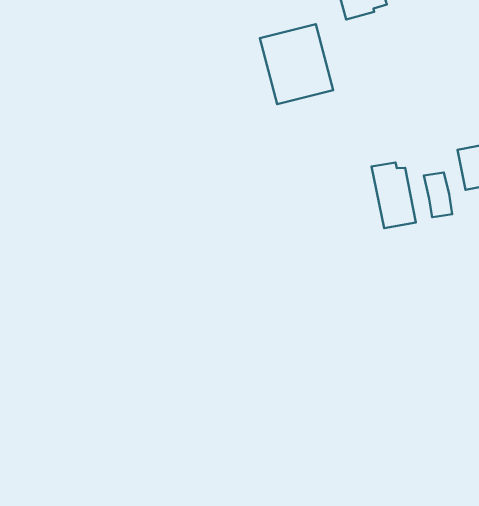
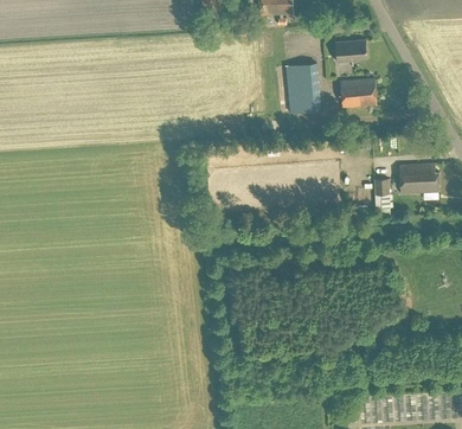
building: none -> [340,77,377,108]
building: [372,162,416,228] -> none

